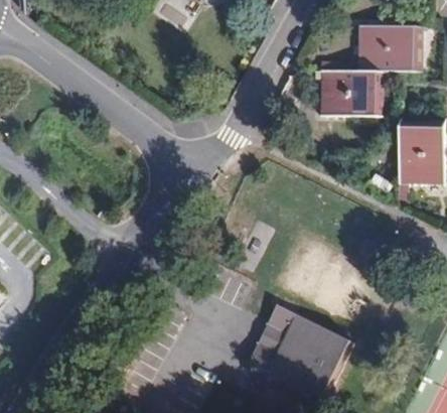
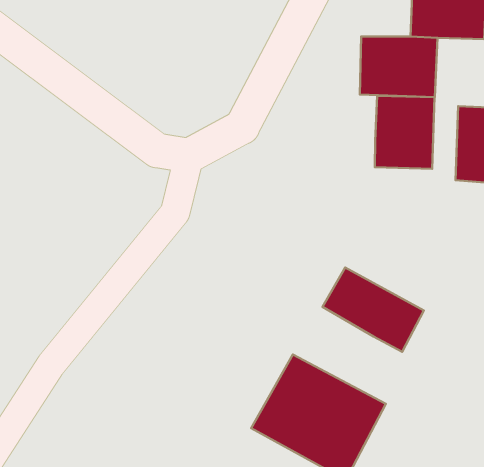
building: none -> [375,96,435,169]
building: none -> [323,267,424,352]

